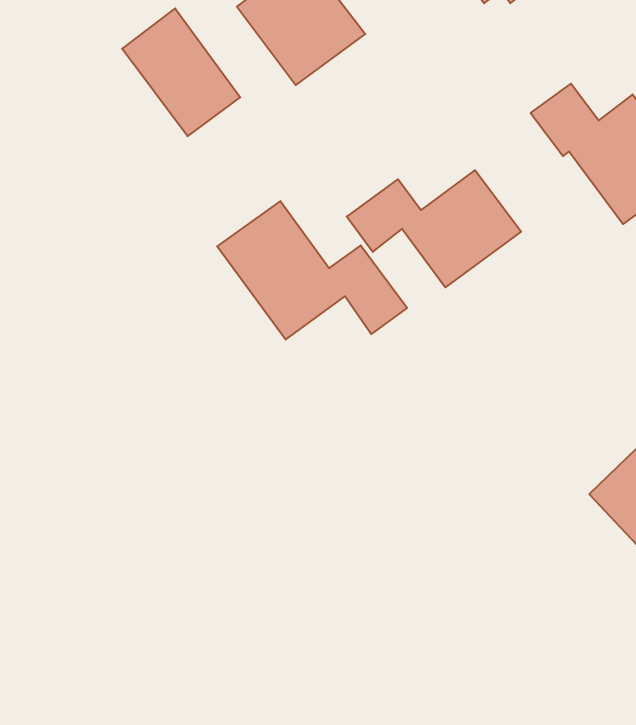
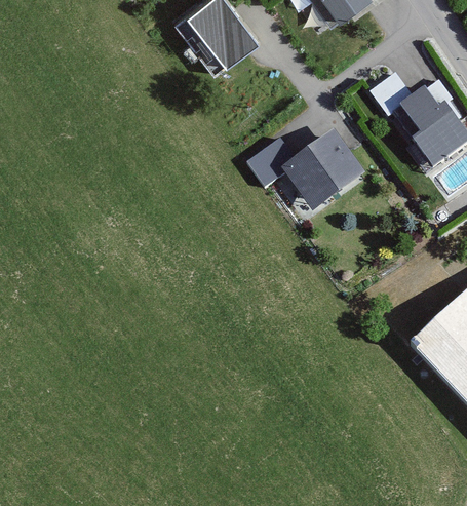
building: [122,8,240,136] -> none
building: [217,201,407,340] -> none

